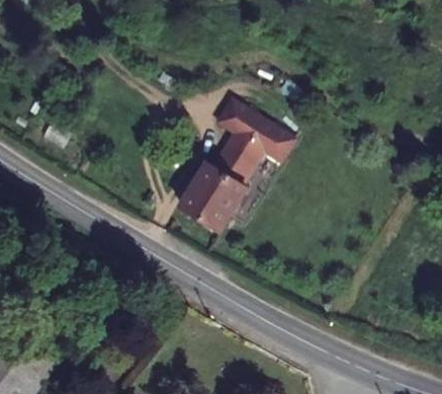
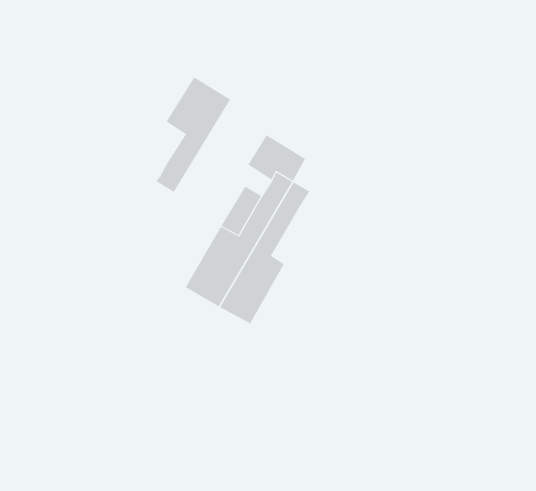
building: none -> [156,77,231,193]
building: [250,117,291,162] -> none

